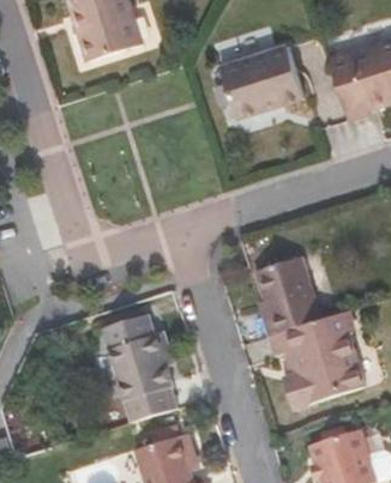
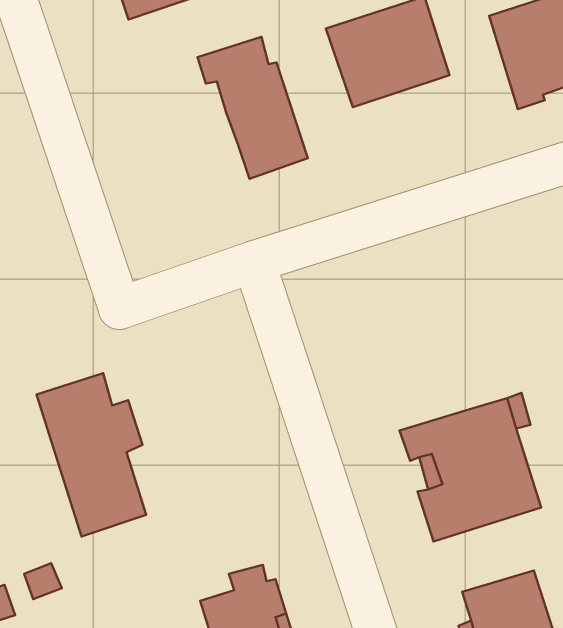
building: none -> [197,37,308,179]
building: [253,255,321,334] -> none
building: [103,313,176,422] -> [37,373,146,536]

